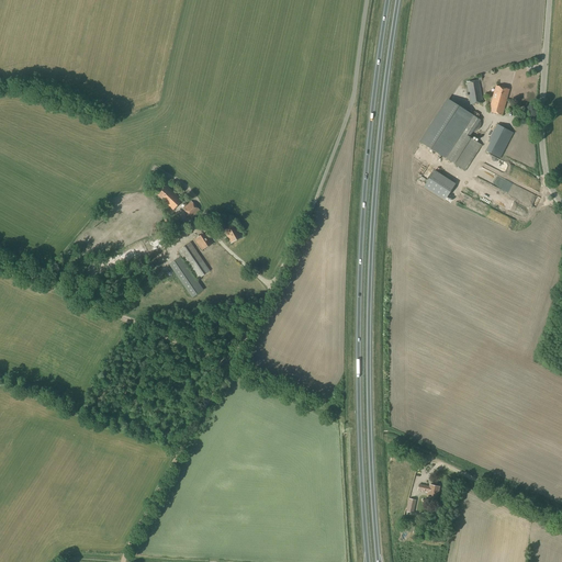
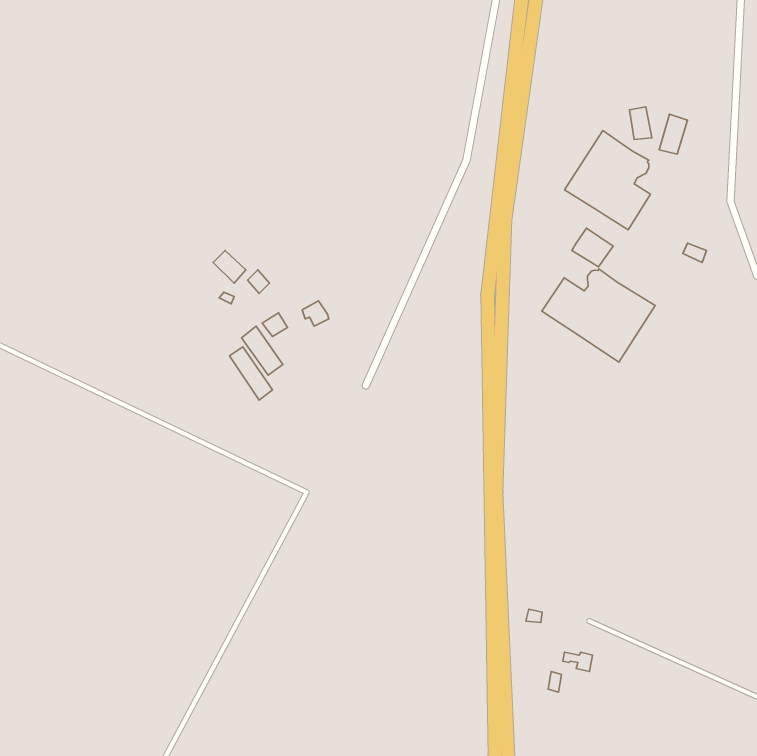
building: [485,123,514,158] -> none
building: none -> [542,269,655,362]

